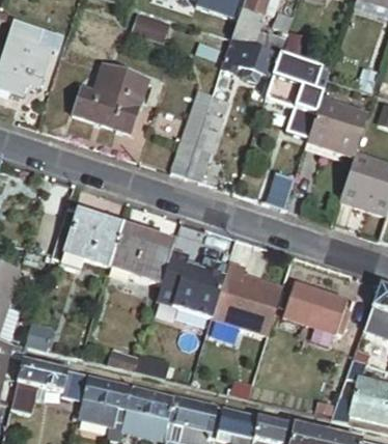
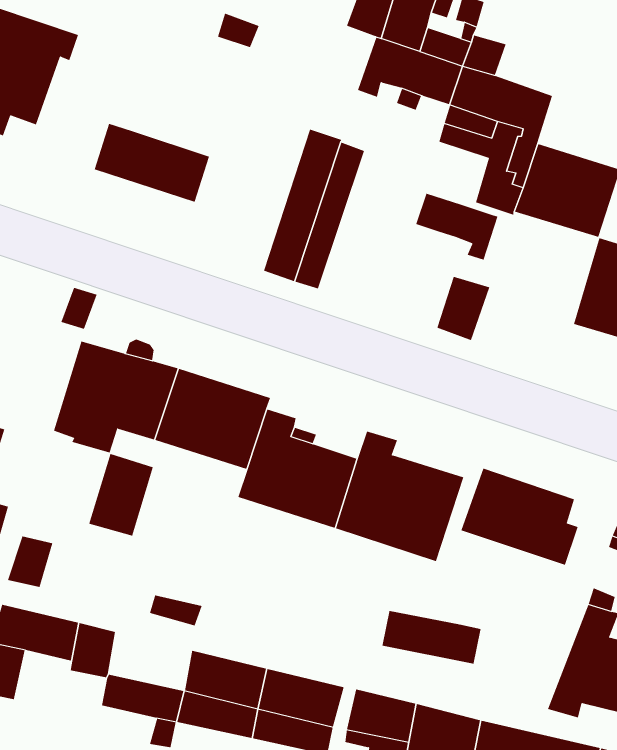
building: [95,65,148,107] -> none
building: none -> [415,193,498,261]
building: none -> [88,453,153,536]
building: none -> [382,610,481,665]
building: [82,374,129,408] -> none

